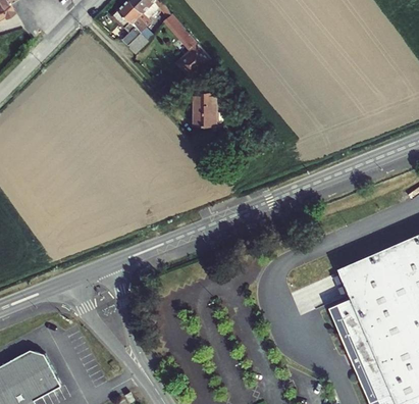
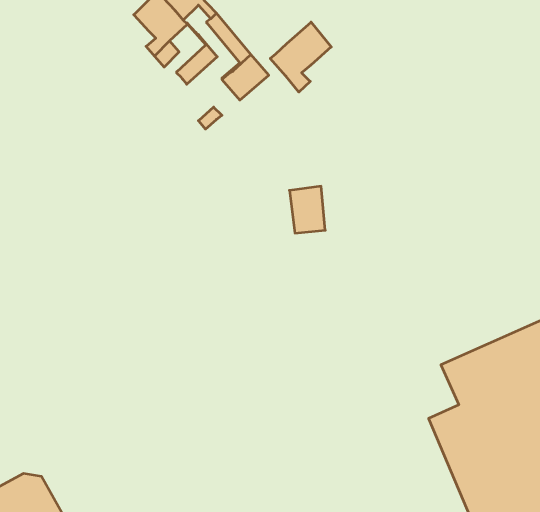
building: none -> [270,22,331,92]
building: none -> [177,23,217,84]
building: [194,87,220,121] -> [289,186,325,233]

